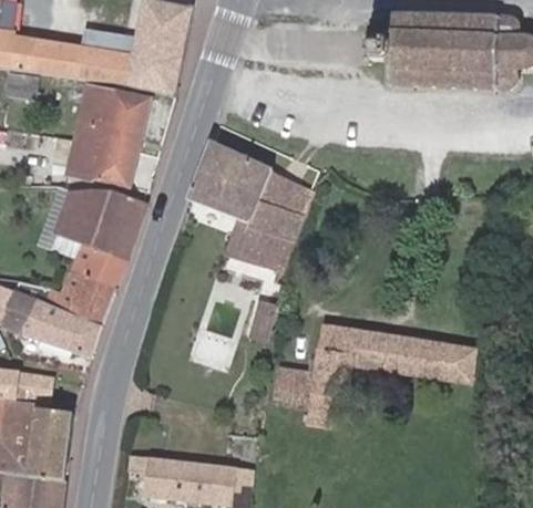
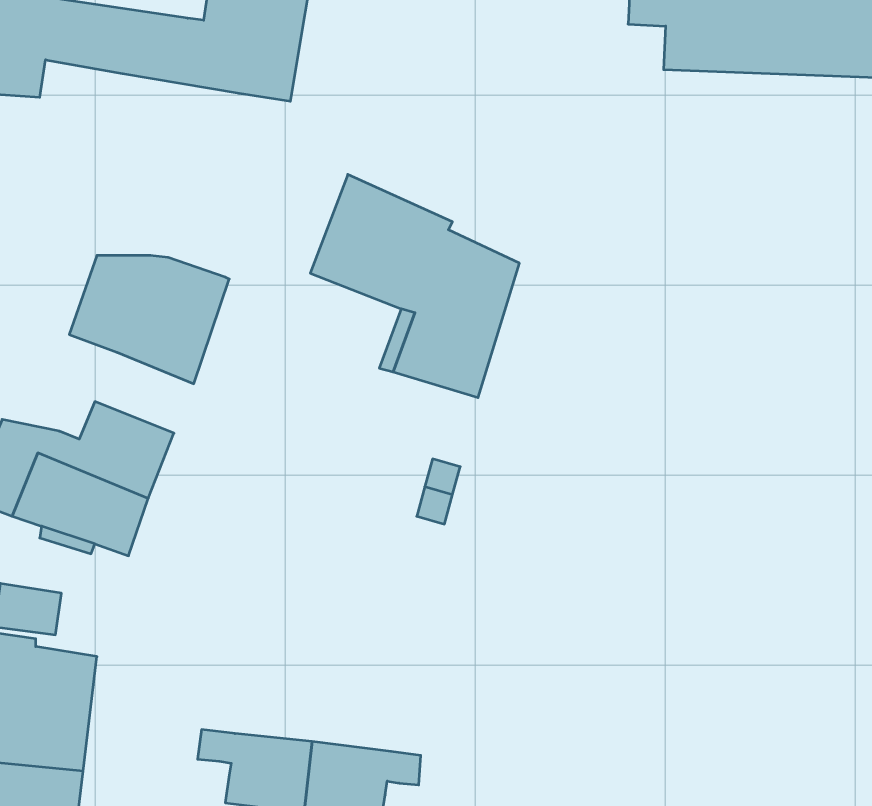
building: [64,86,151,187] -> none
building: [70,242,125,288] -> none
building: [275,324,475,427] -> none

